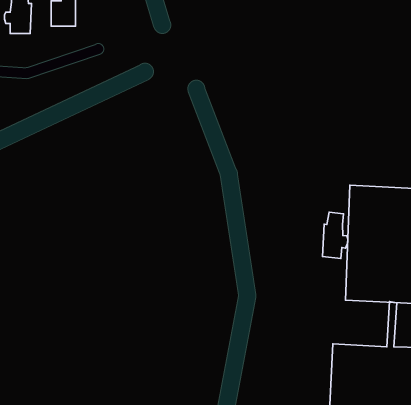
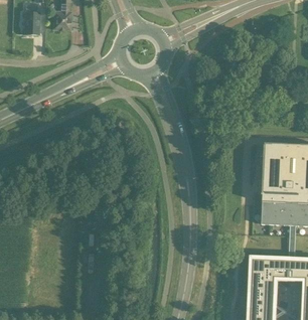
building: [322,212,348,258] -> none

